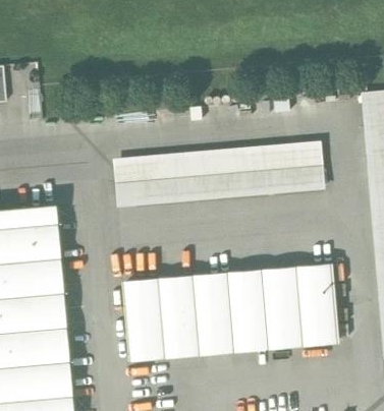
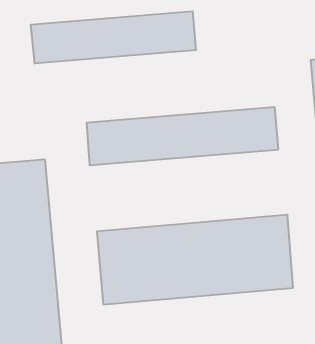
building: none -> [31,11,196,64]

